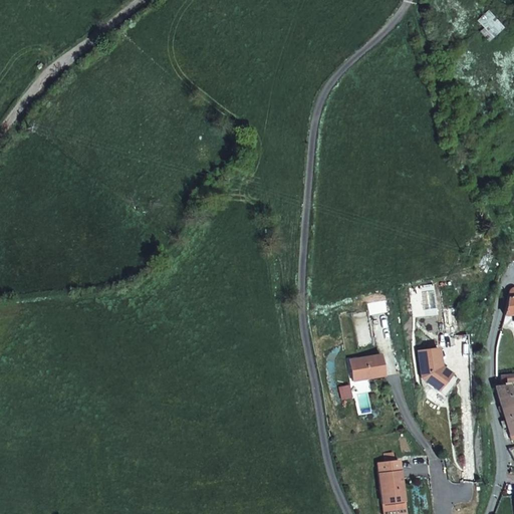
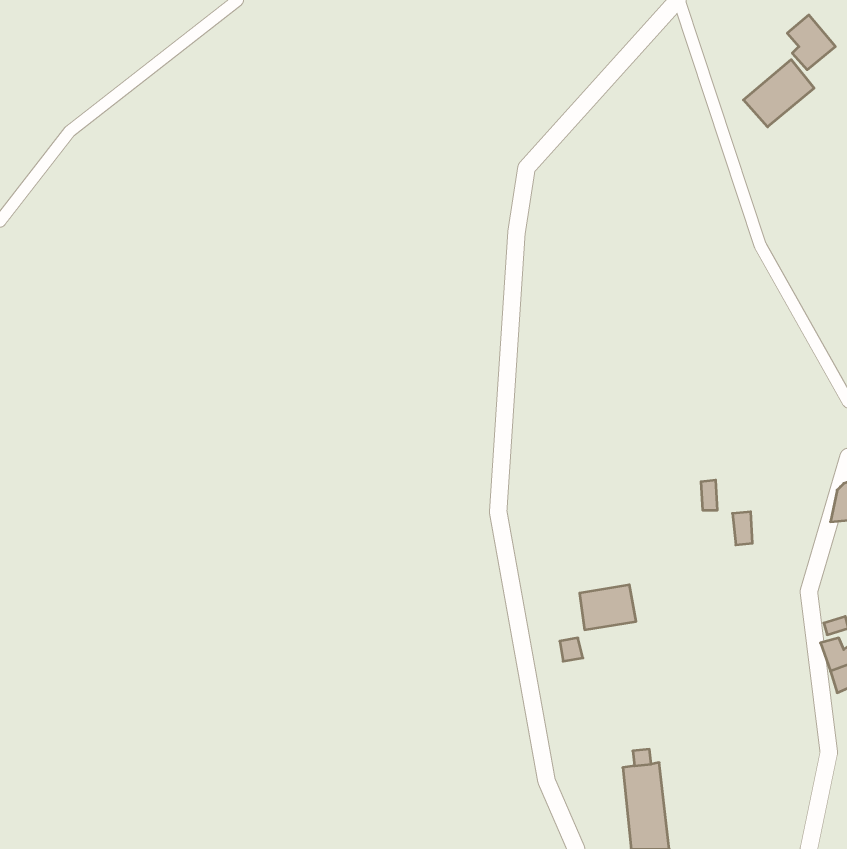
building: none -> [743,60,814,127]
building: [420,348,460,396] -> none

